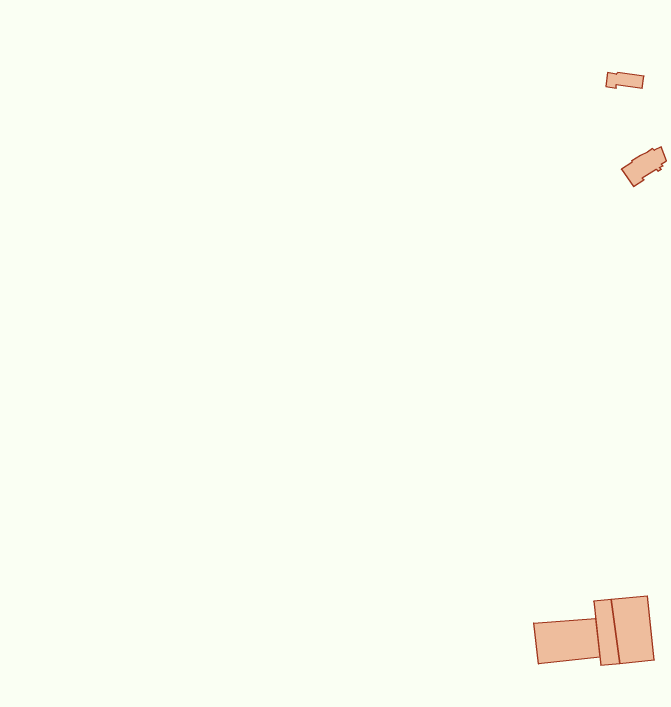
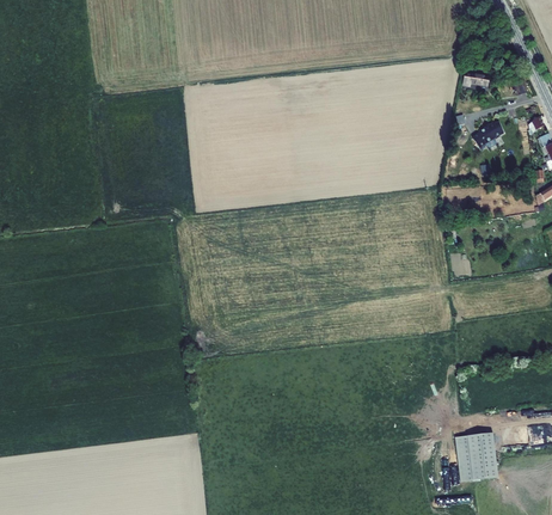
building: [534,618,600,664] -> none

